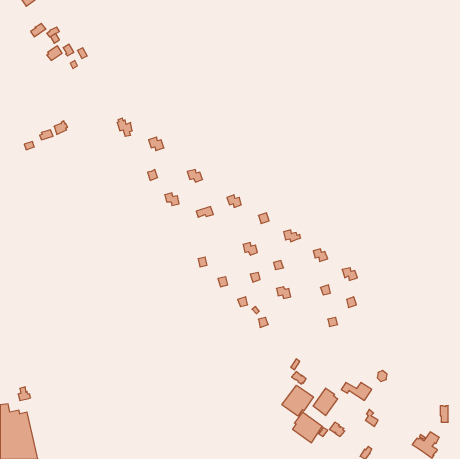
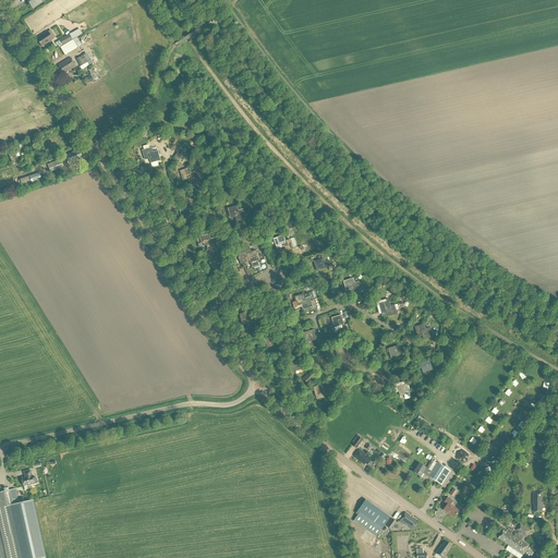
building: [282,385,313,416] -> none
building: [313,388,338,416] -> none

